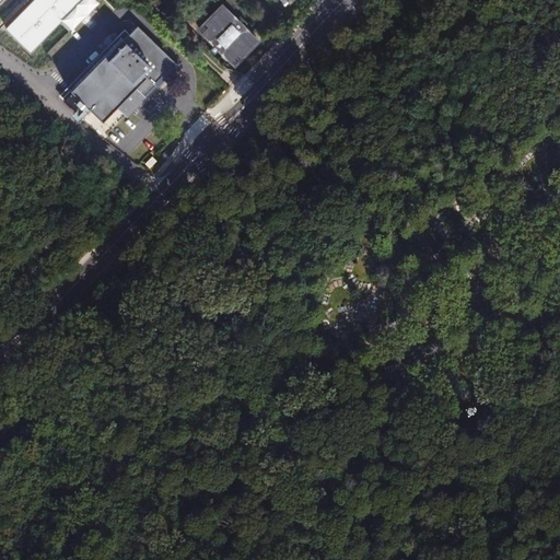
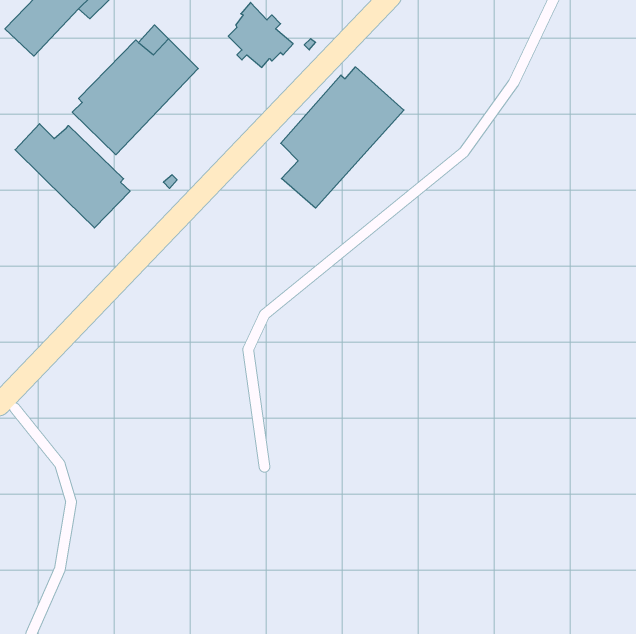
building: none -> [281,67,404,208]
building: none -> [15,124,130,228]

